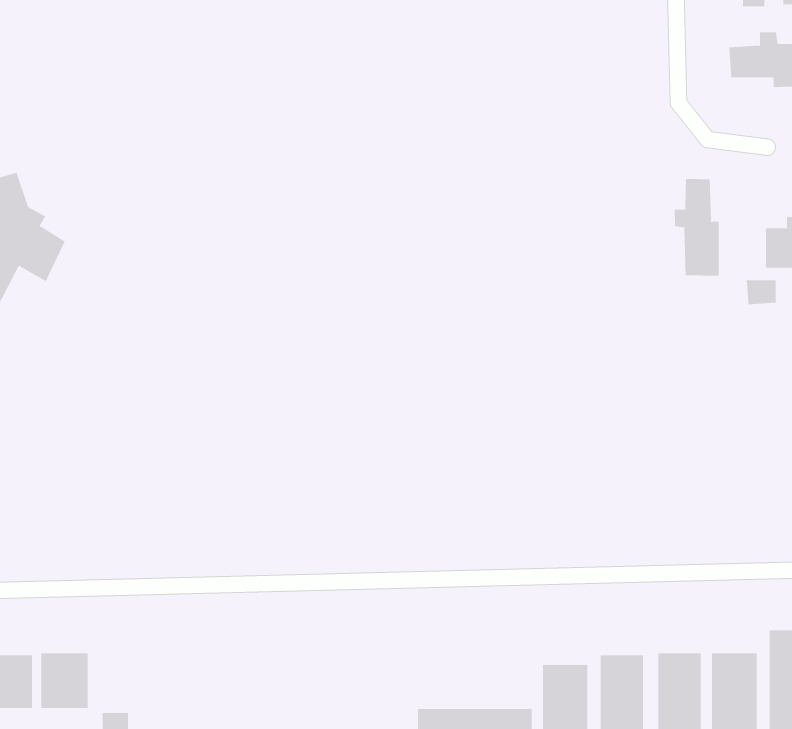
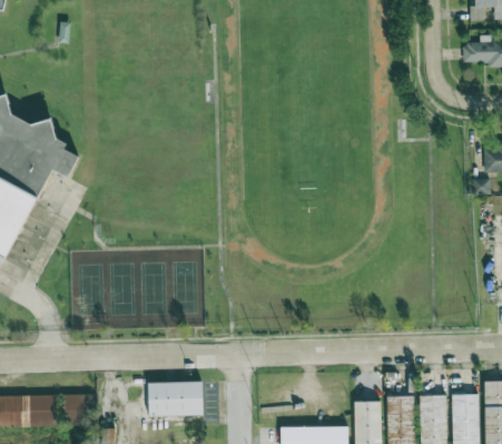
building: [674,178,719,276] -> none
building: none -> [149,382,204,415]

